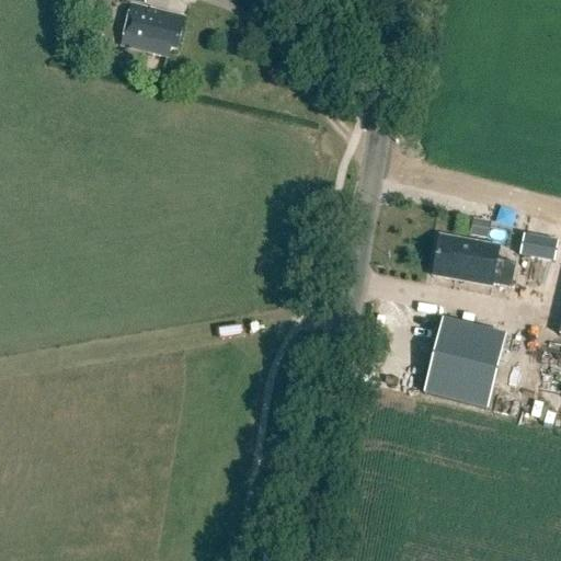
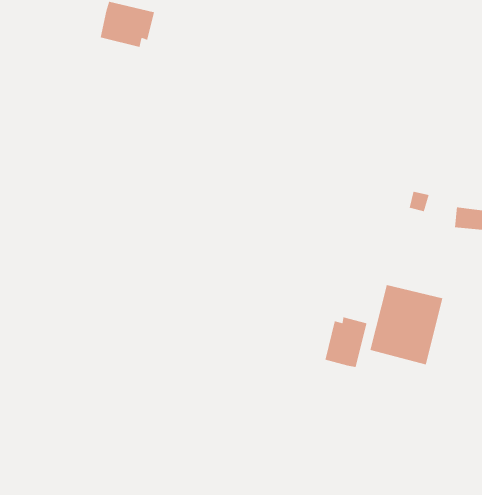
building: [431,234,514,287] -> none
building: none -> [325,317,367,368]

